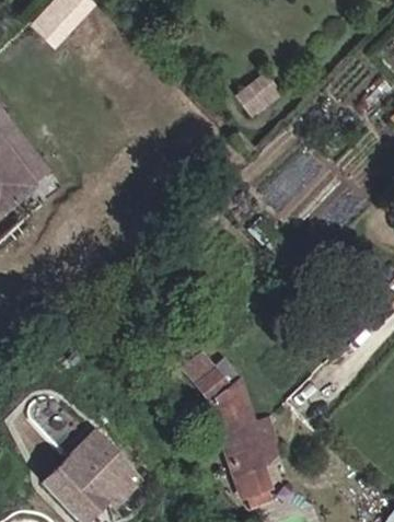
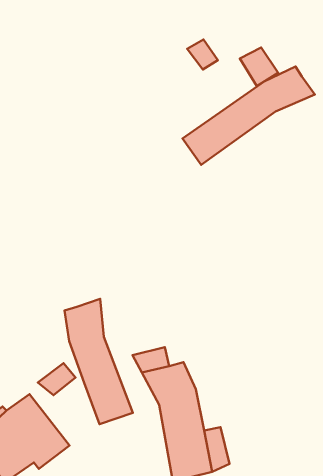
building: none -> [183,67,315,165]
building: none -> [65,299,133,424]

